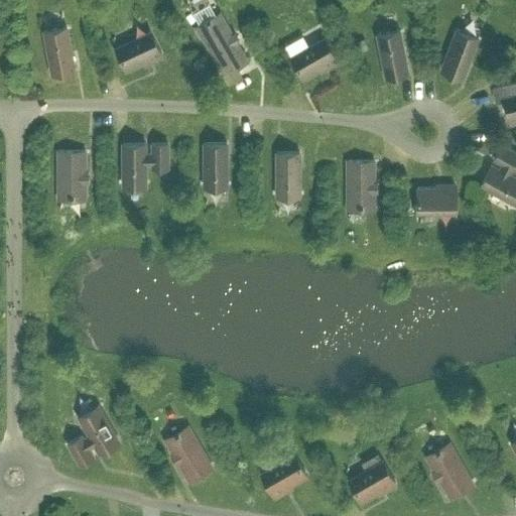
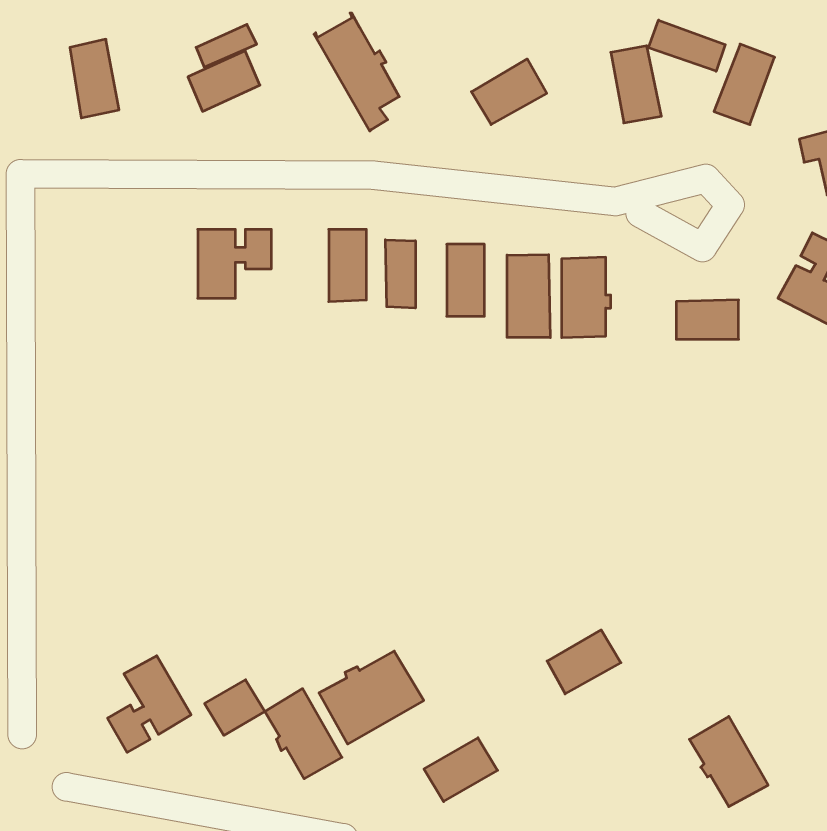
building: none -> [648,20,725,71]
building: none -> [385,240,415,308]
building: [58,153,89,202] -> none
building: none -> [507,255,550,338]
building: none -> [319,651,424,744]
building: none -> [205,680,265,735]
building: [350,464,395,503] -> [547,630,621,694]

